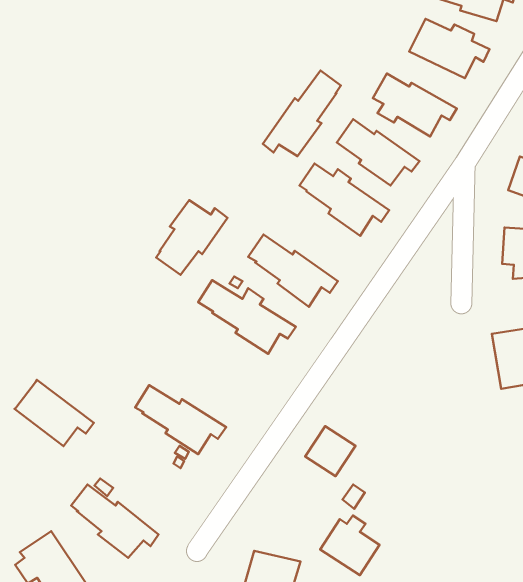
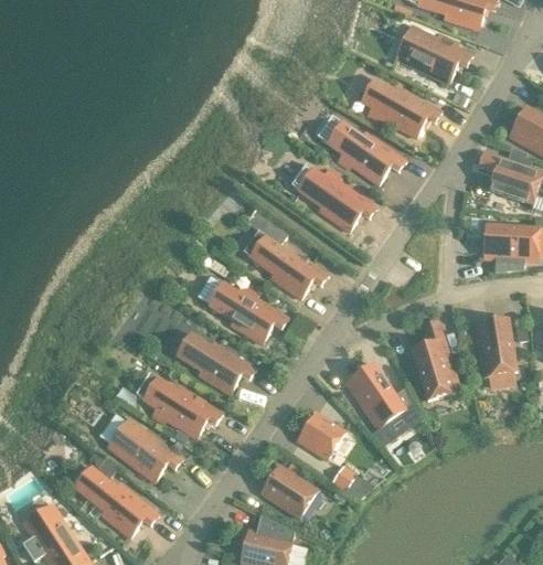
building: [263,71,341,156] -> none
building: [156,200,228,275] -> none
building: none -> [411,320,459,398]
building: none -> [177,331,255,393]
building: none -> [344,362,414,428]
building: [15,380,94,446] -> [107,417,182,480]
building: [320,516,380,575] -> [260,460,317,516]

